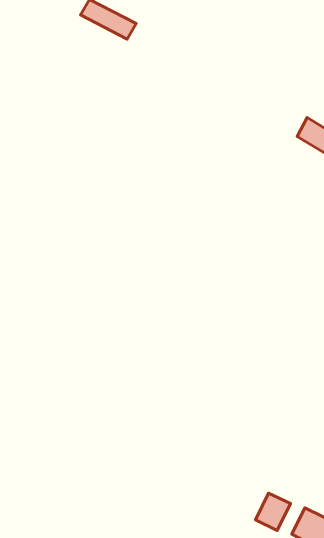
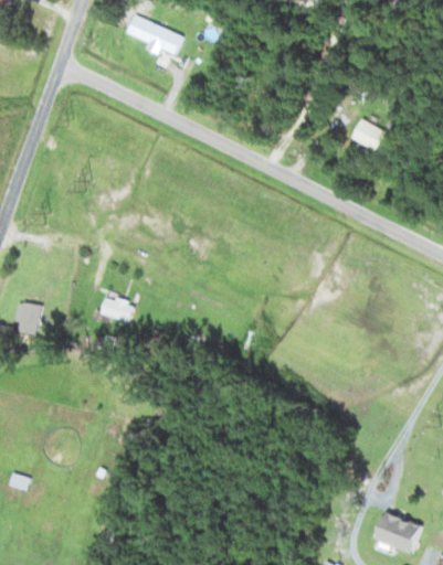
building: none -> [101,299,130,318]
building: [256,493,290,531] -> none

